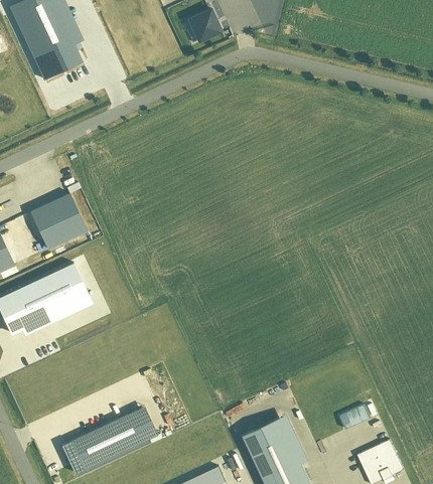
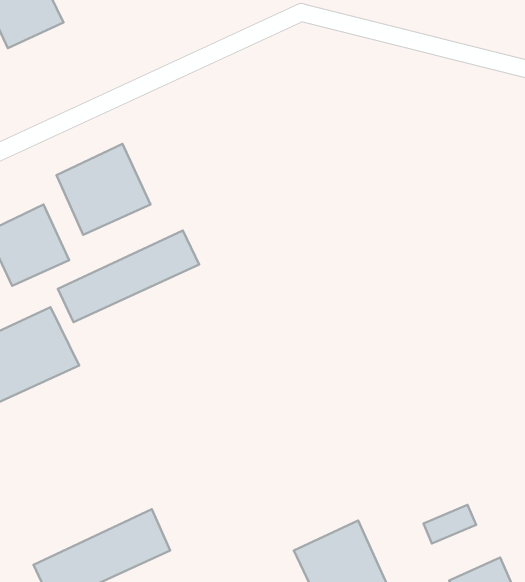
building: none -> [56,144,150,235]
building: none -> [58,230,199,322]

